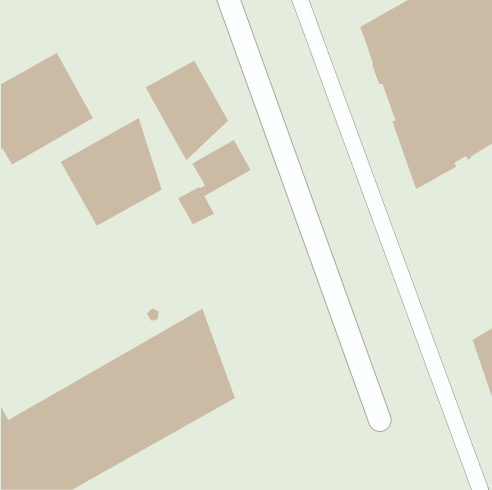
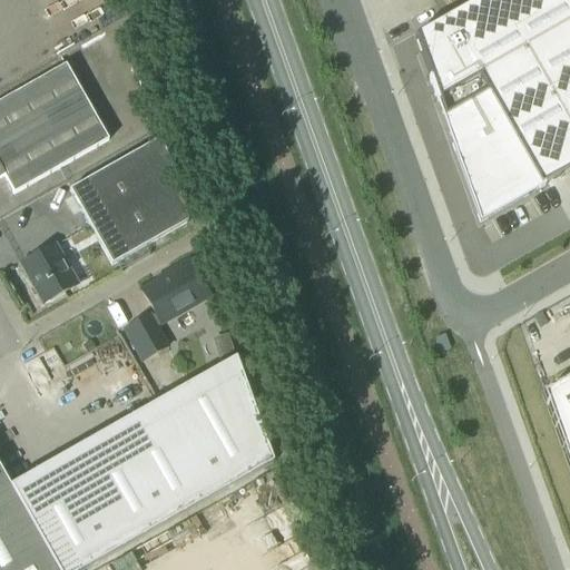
building: [145,60,229,161] -> none
building: [177,139,252,225] -> [126,257,212,356]
building: none -> [22,242,78,299]

